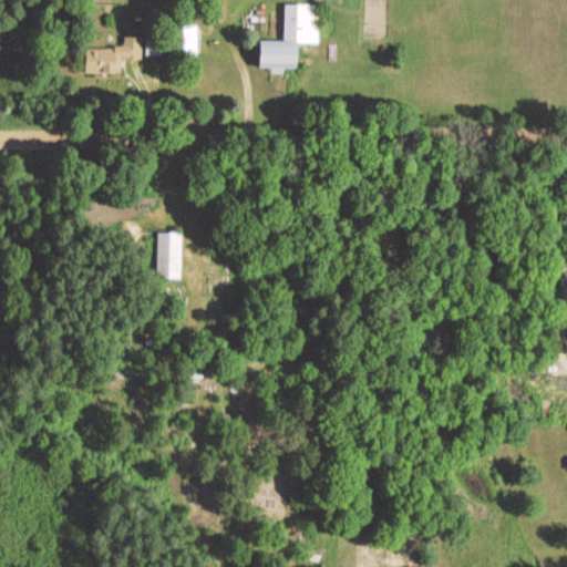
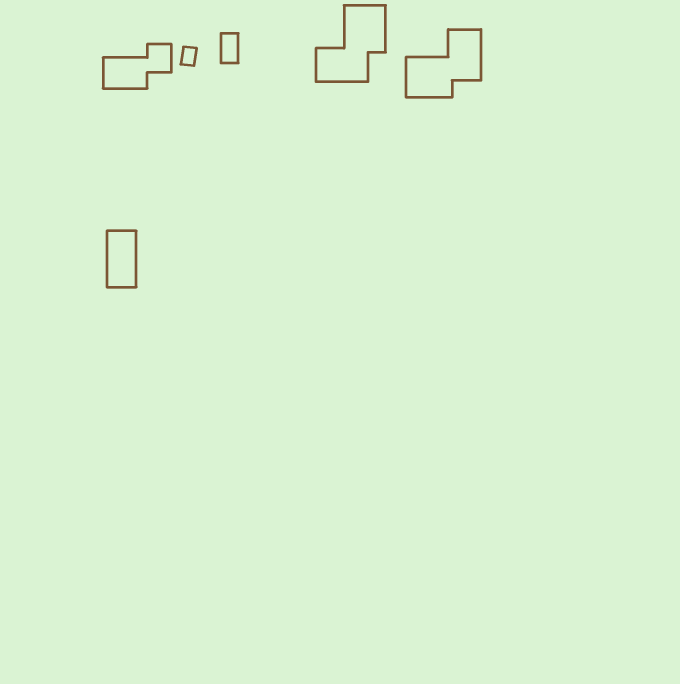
building: none -> [406,29,481,97]
building: [156,233,181,279] -> [107,231,136,287]

